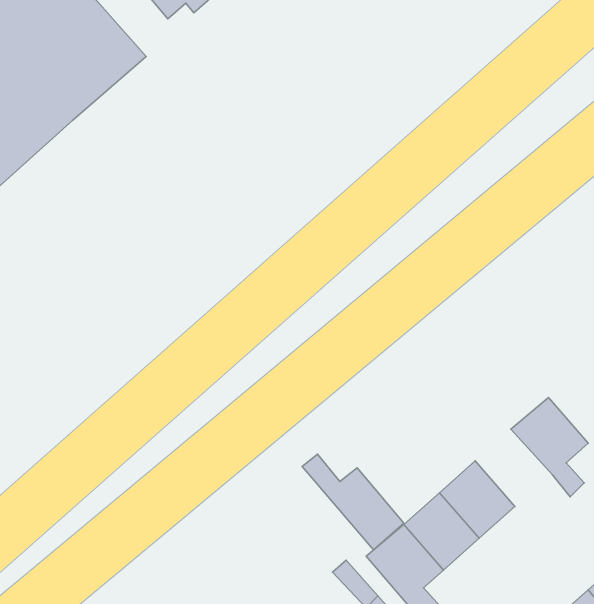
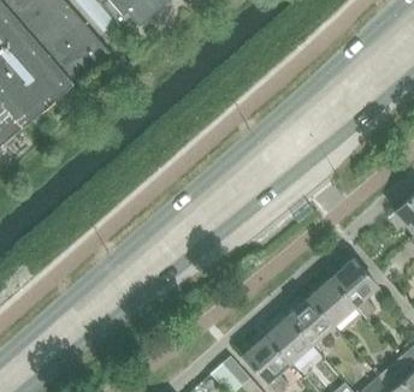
building: none -> [309,278,356,325]
building: [302,454,404,550] -> none

